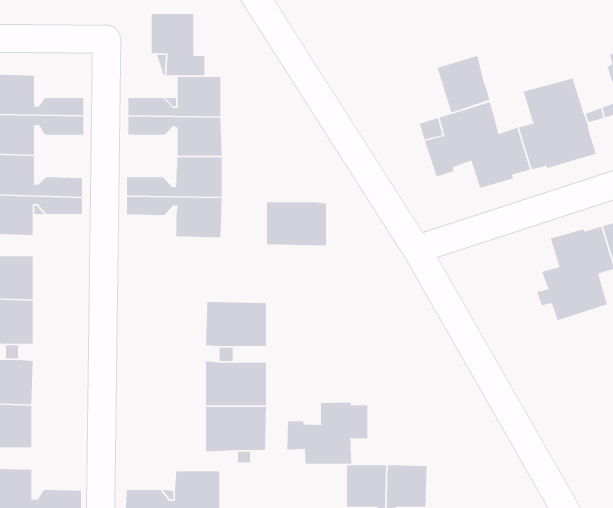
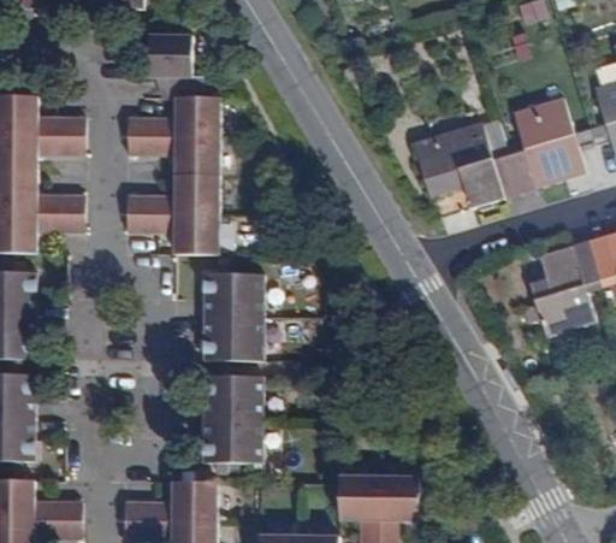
building: [437,55,490,113] -> none
building: [266,202,327,246] -> [203,273,262,317]
building: [287,402,368,464] -> none

